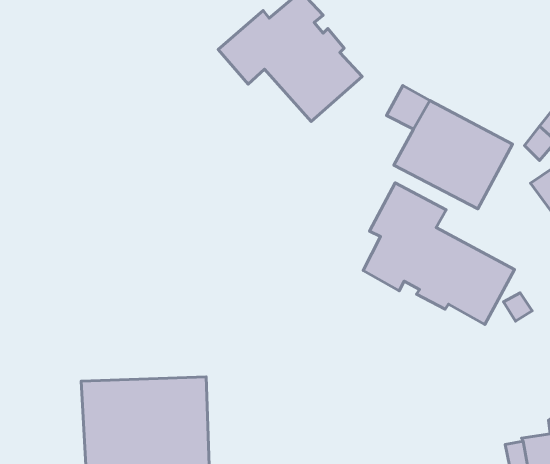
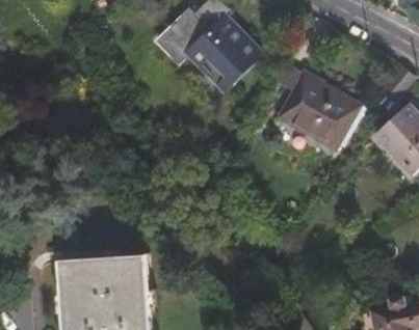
building: [363,183,515,325] -> none

